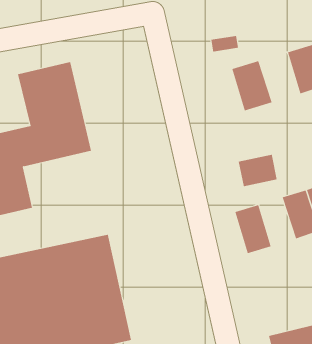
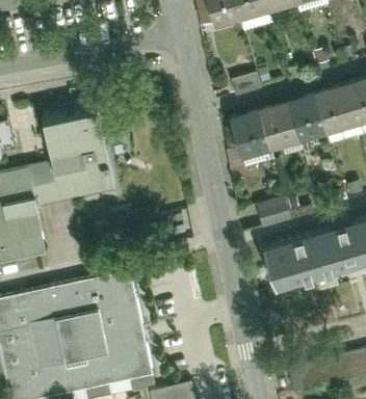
building: none -> [281,90,321,140]
building: none -> [226,107,266,158]
building: none -> [281,234,317,283]

